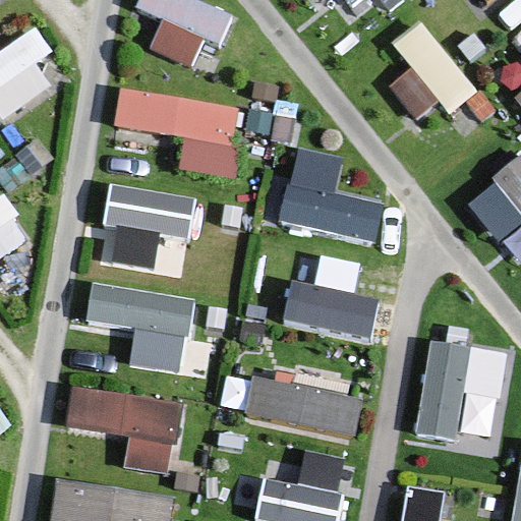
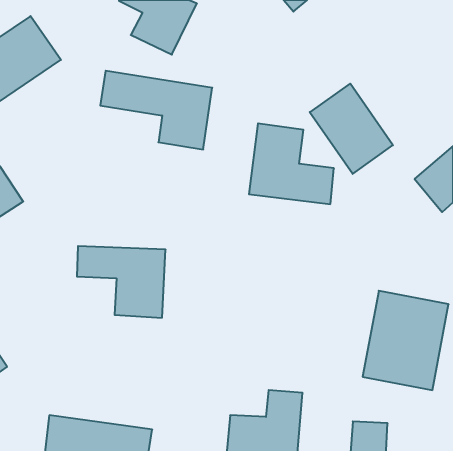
building: [377,17,471,120] -> [310,84,393,174]
building: [96,181,198,267] -> none
building: [280,267,393,344] -> none
building: [245,382,359,432] -> none
building: [64,384,181,472] -> none

